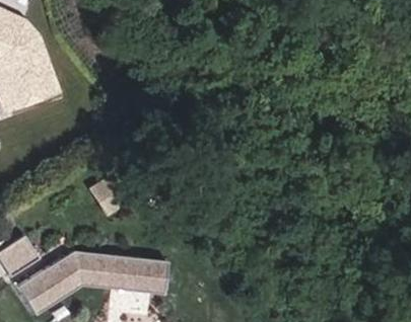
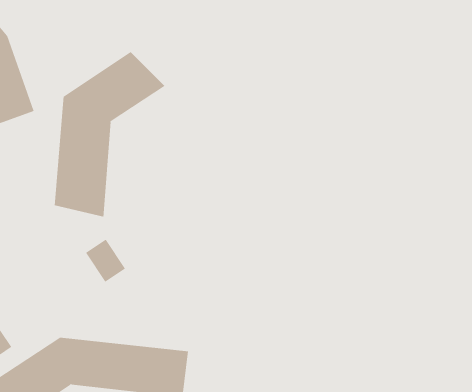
building: none -> [54,51,165,217]

